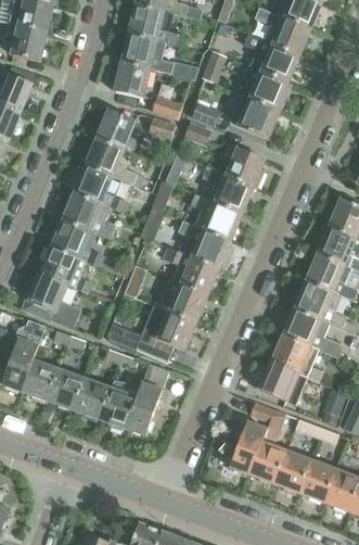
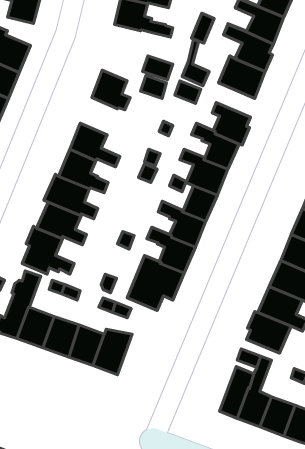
building: [114,62,149,98] -> none
building: [86,138,137,183] -> none
building: [125,362,168,434] -> none

